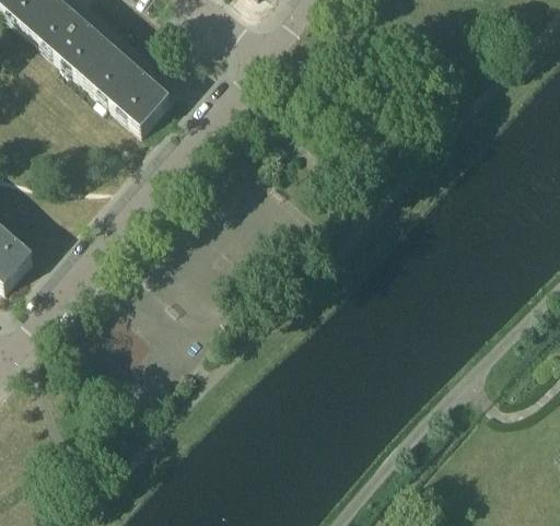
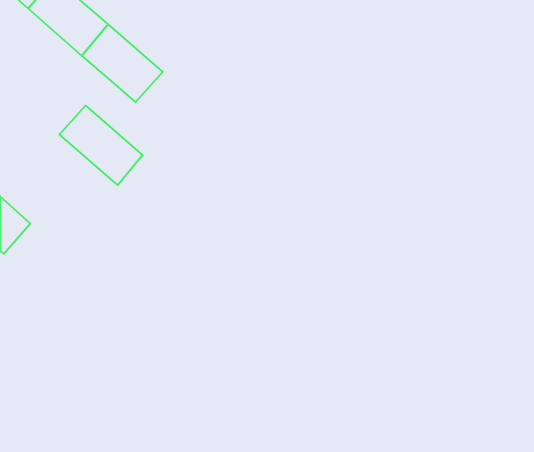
building: none -> [59,106,143,185]

